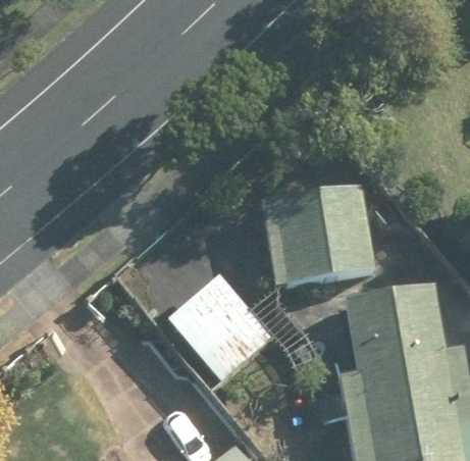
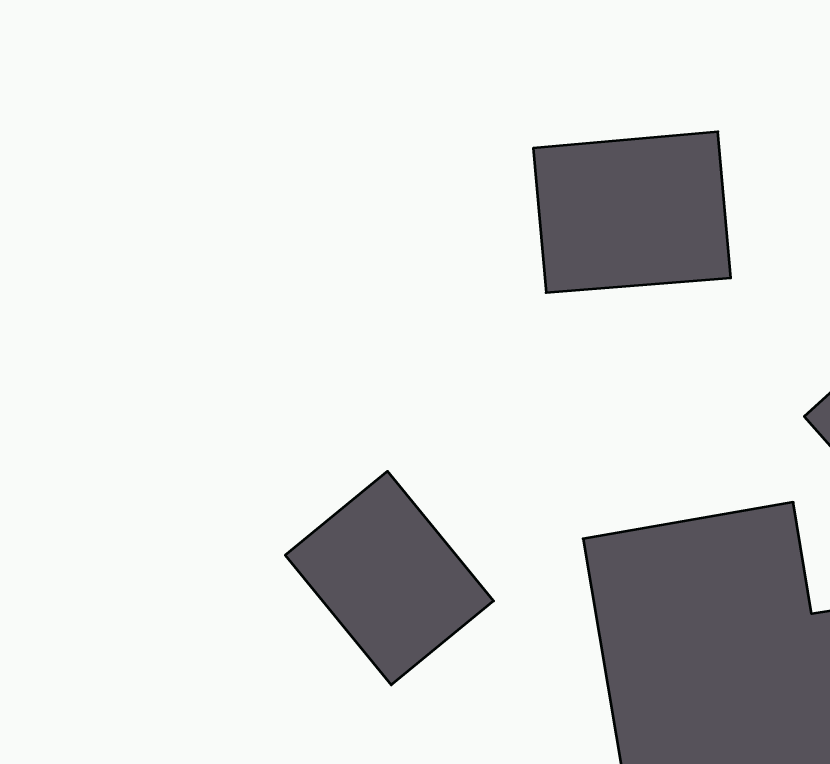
building: [270,194,380,284] -> [533,132,731,293]

